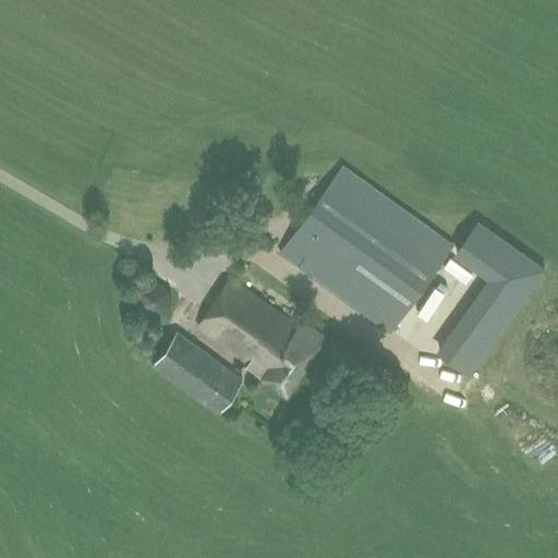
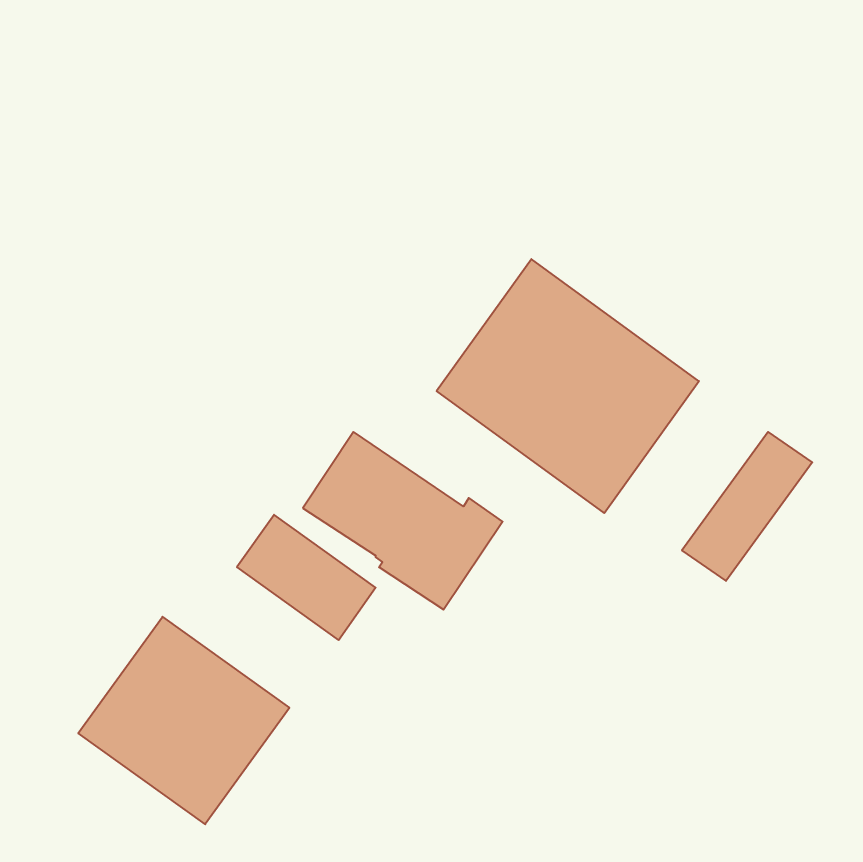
building: [457,222,545,300] -> none
building: none -> [78,617,289,824]

